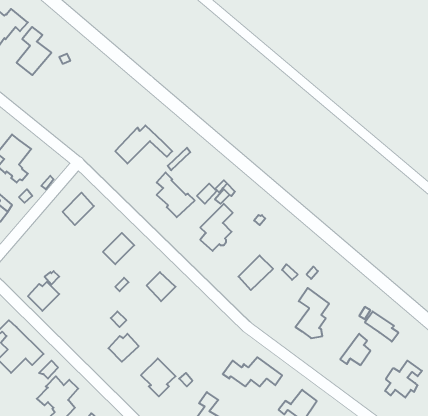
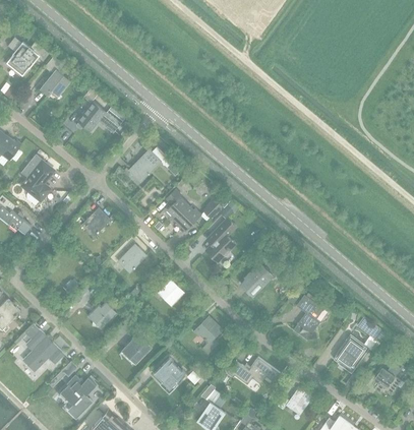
building: none -> [77,102,119,130]
building: [28,282,59,311] -> [88,302,117,328]
building: none -> [194,317,222,353]

